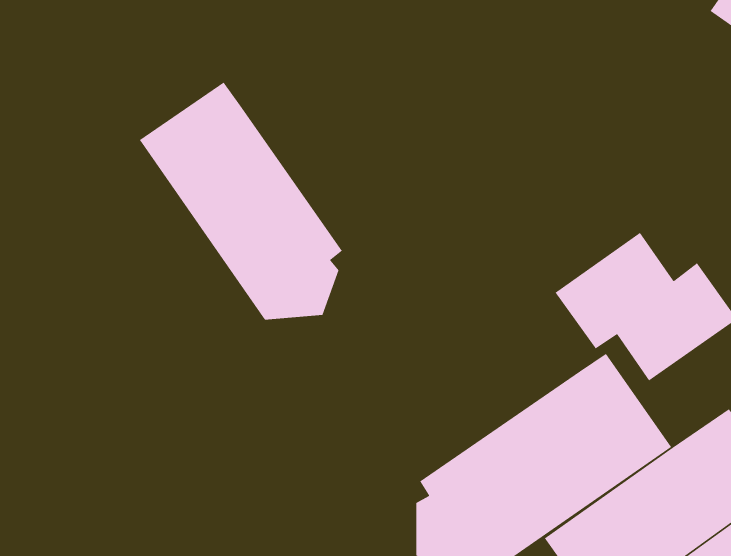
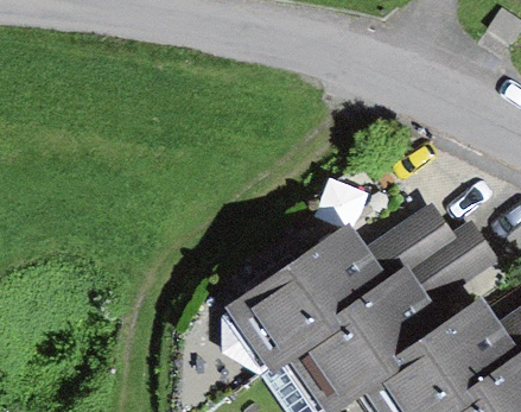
building: [139,81,343,321] -> none
building: none -> [222,222,393,376]

